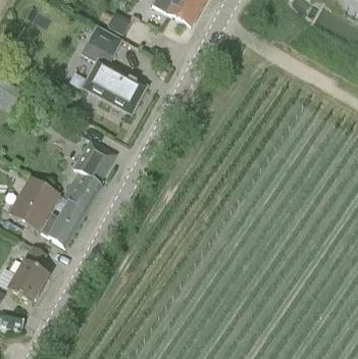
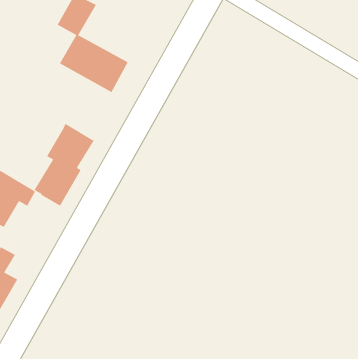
building: [40,201,85,247] -> none

